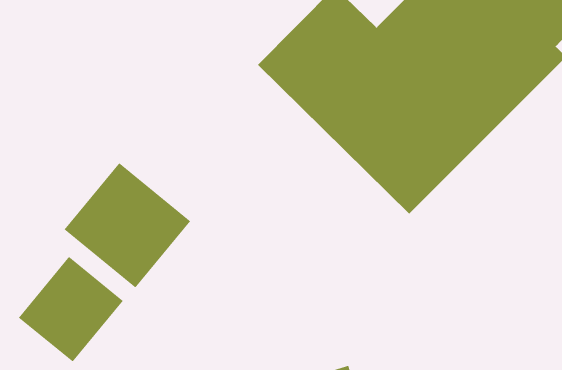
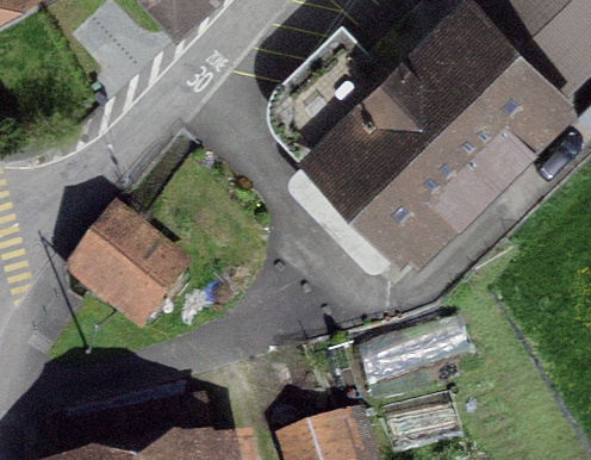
building: [18,256,124,363] -> none

